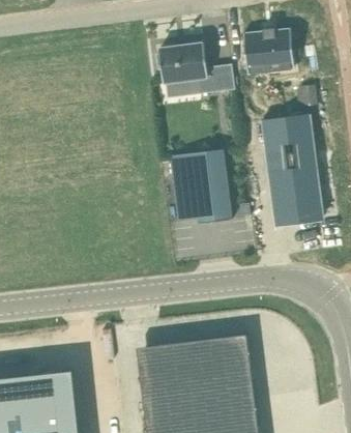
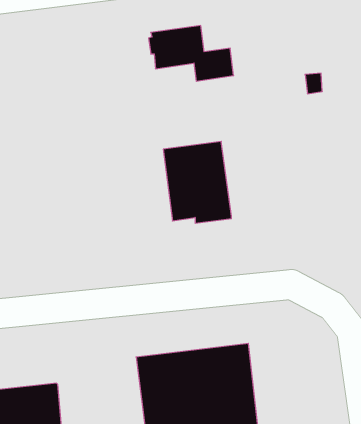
building: [243,28,295,75] -> none
building: [259,114,322,224] -> none

